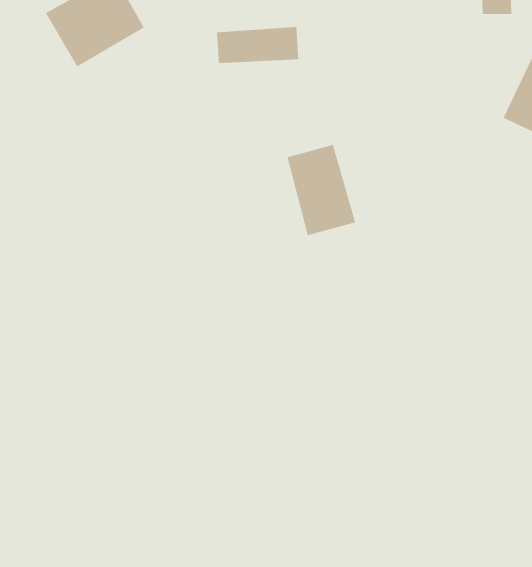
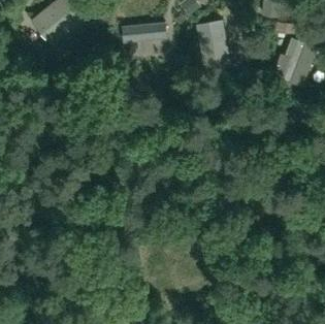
building: [287,144,356,236] -> [194,19,232,69]

